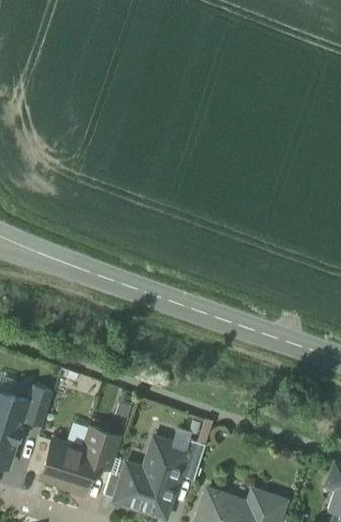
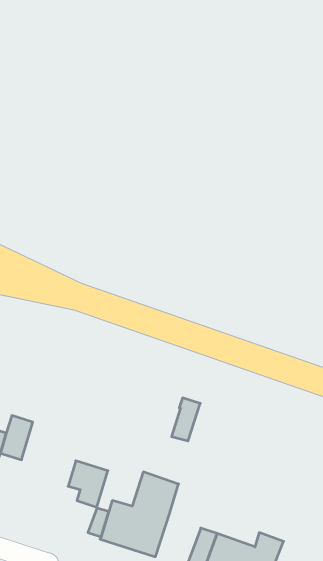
building: [179,439,205,479] -> [172,398,200,441]
building: [41,440,96,490] -> none

